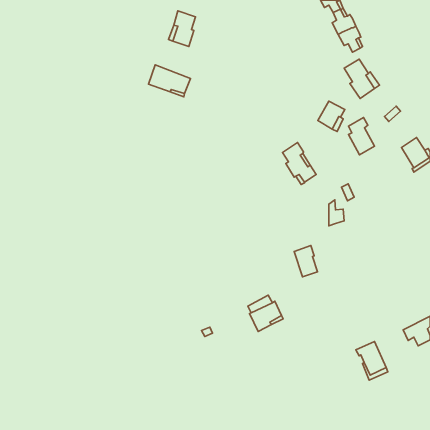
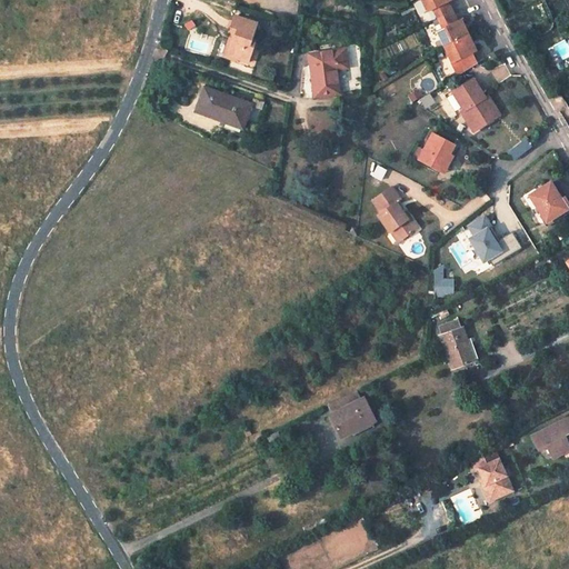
building: none -> [309,49,347,97]
building: [348,118,375,155] -> [462,214,497,263]
building: [294,246,318,277] -> [439,328,470,369]

